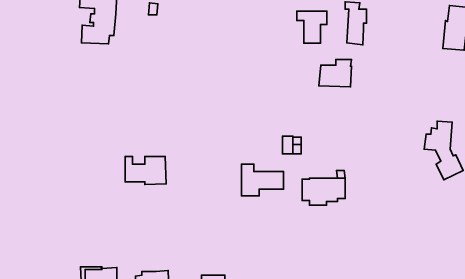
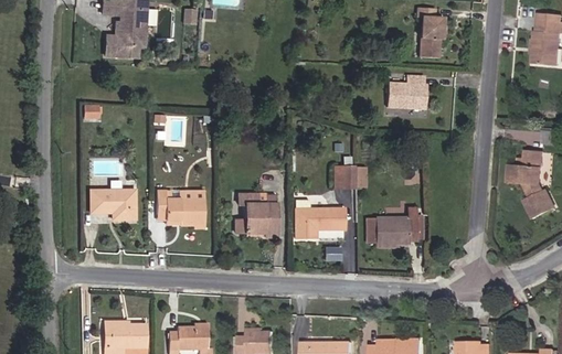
building: [297,11,327,43] -> none
building: none -> [89,190,135,219]
building: none -> [234,194,276,237]

